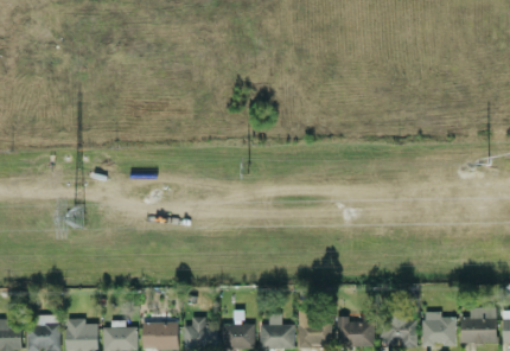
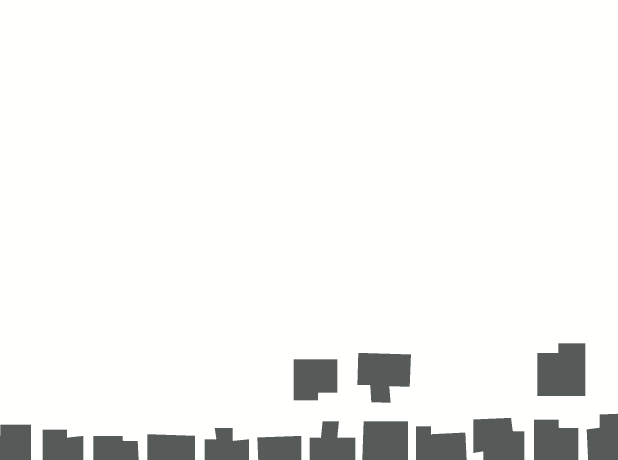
building: none -> [537,342,586,397]
building: none -> [357,352,411,403]
building: none -> [293,358,338,401]

